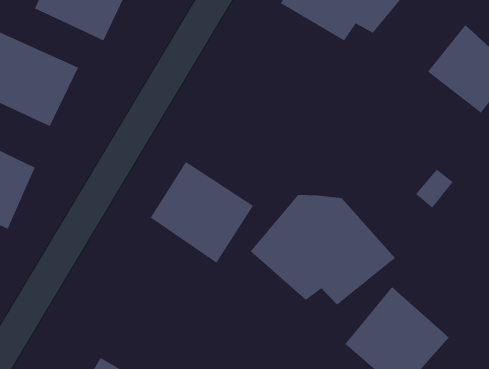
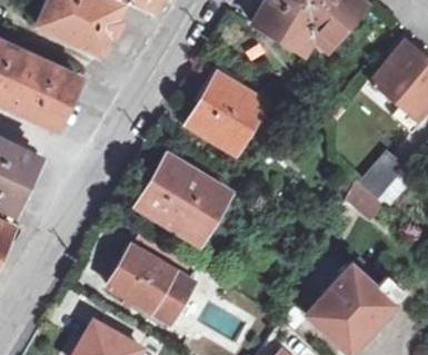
building: none -> [186,73,265,155]
building: [250,194,396,305] -> none
building: none -> [110,247,196,323]

